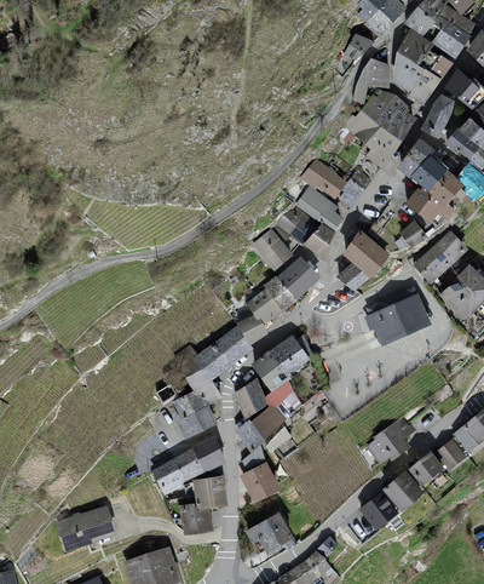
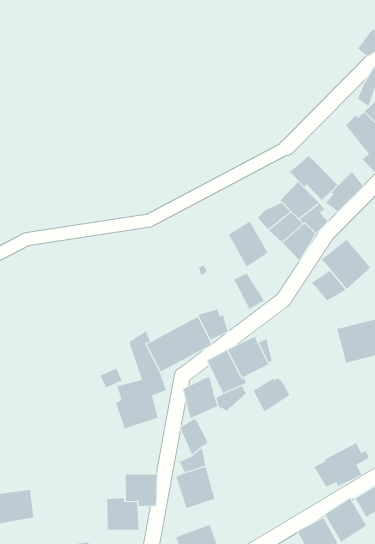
building: [276,256,319,299] -> none
building: [246,287,283,324] -> none
building: [252,405,287,439] -> [253,377,290,412]
building: [151,435,225,494] -> none

